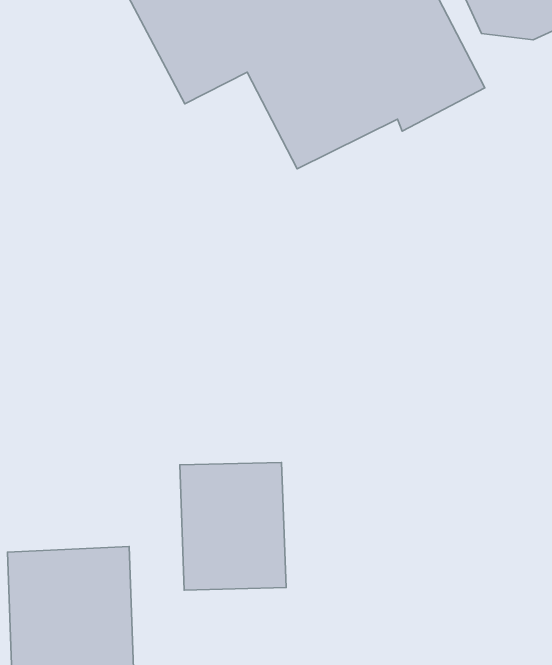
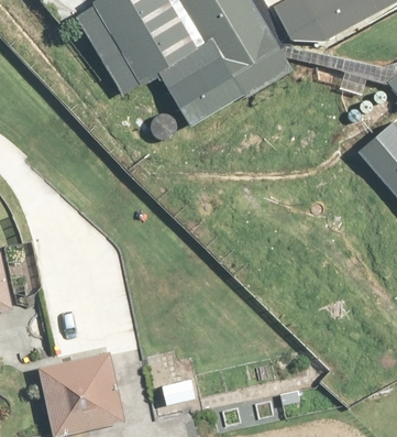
building: [180,462,286,590] -> none

